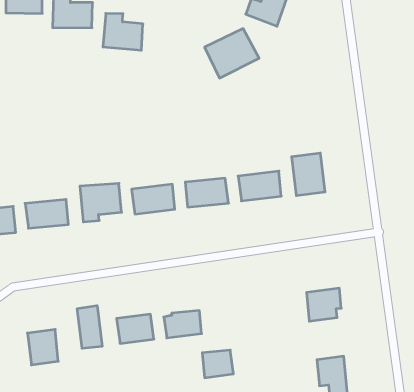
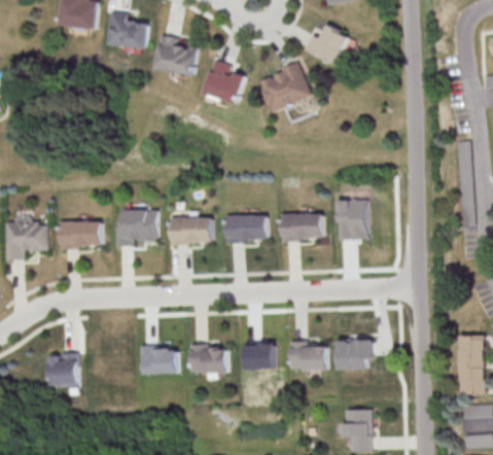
building: none -> [203,60,245,104]
building: none -> [289,342,326,370]
building: [77,306,102,348] -> none
building: [202,350,233,378] -> [244,344,274,370]

